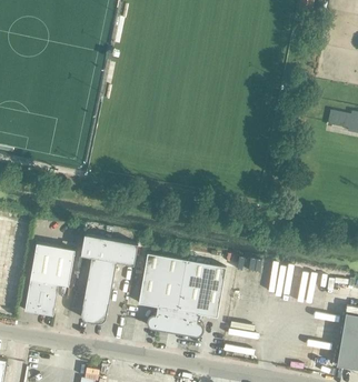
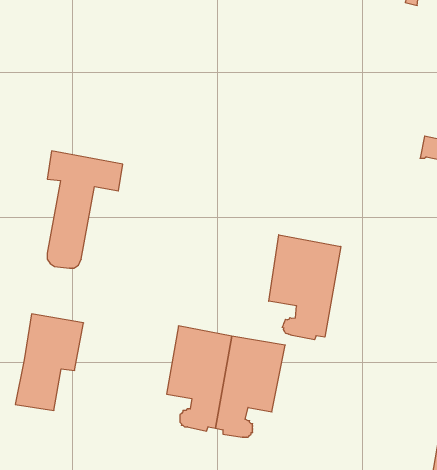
building: none -> [269,235,341,340]
building: [81,233,138,321] -> [47,151,123,268]

